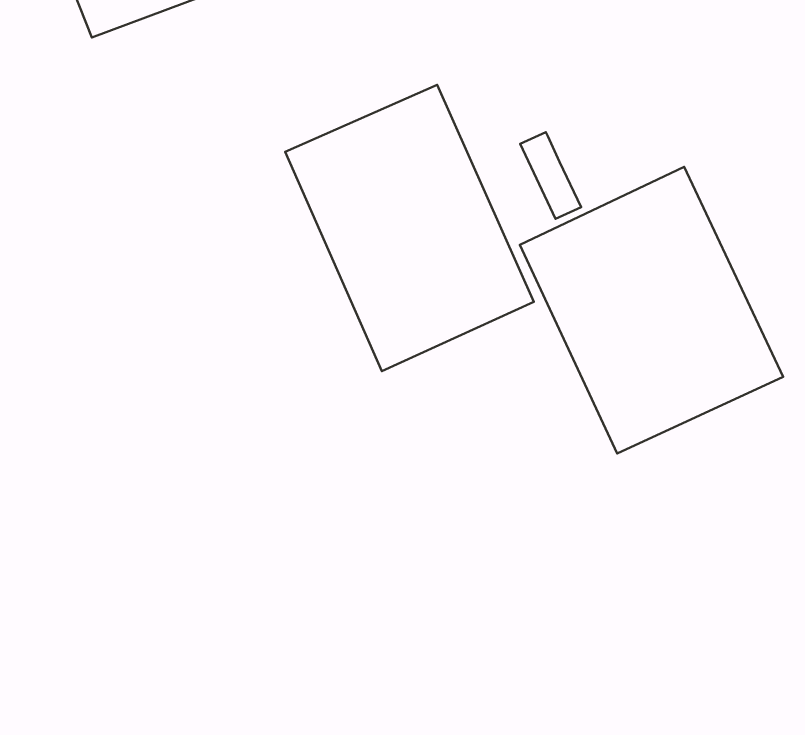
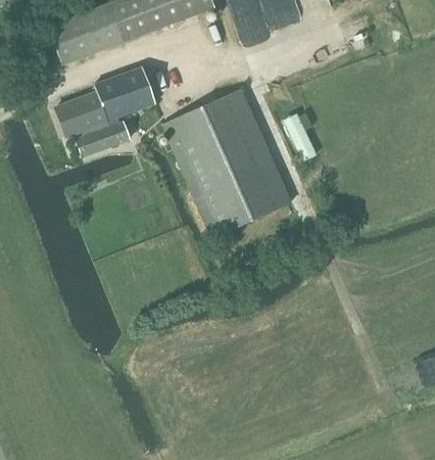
building: none -> [55,64,156,155]
building: [520,167,783,453] -> none

